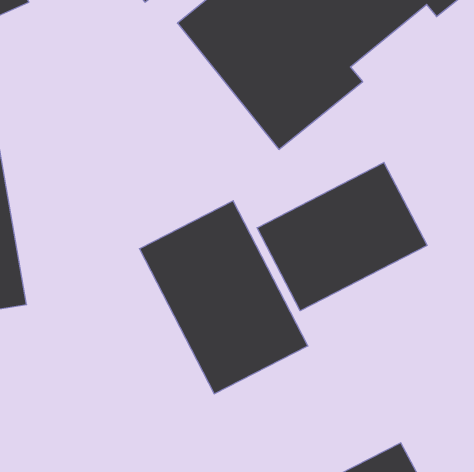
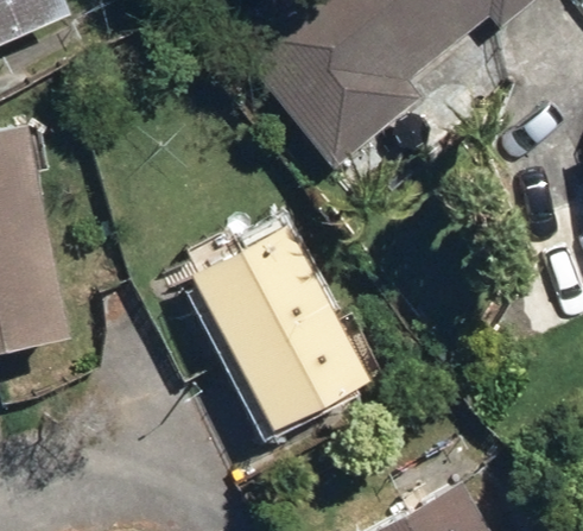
building: [257,162,427,311] -> none

